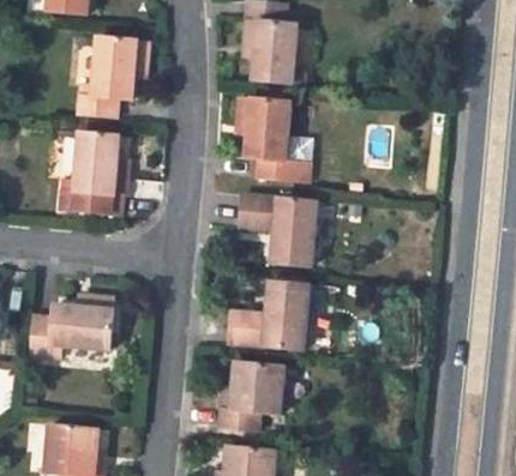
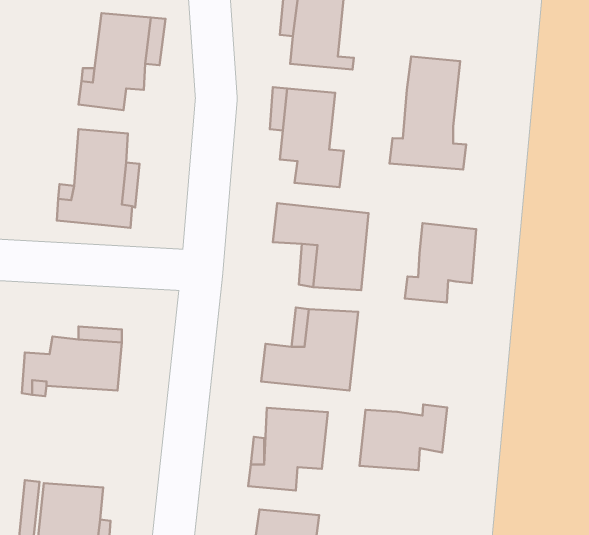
building: none -> [390,57,466,170]
building: none -> [405,223,476,302]
building: none -> [360,404,447,470]

